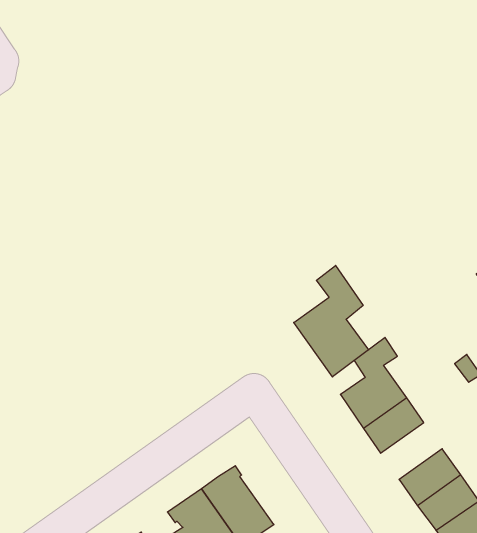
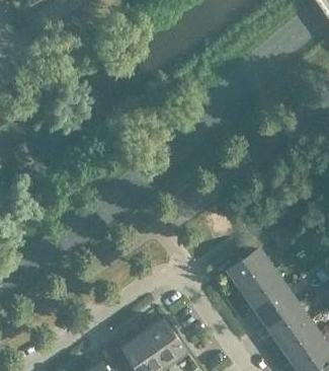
building: [294,265,369,377] -> none
building: none -> [257,288,298,325]

